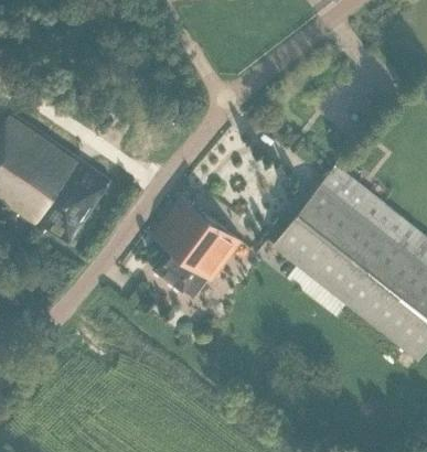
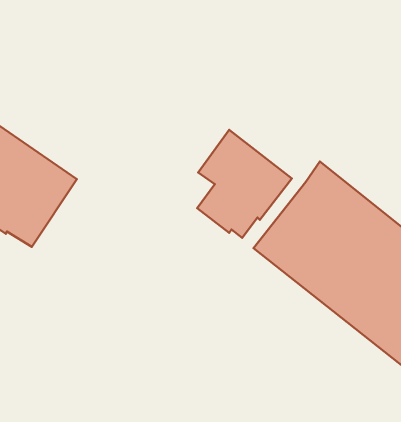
building: [151,197,239,298] -> [197,130,292,238]

